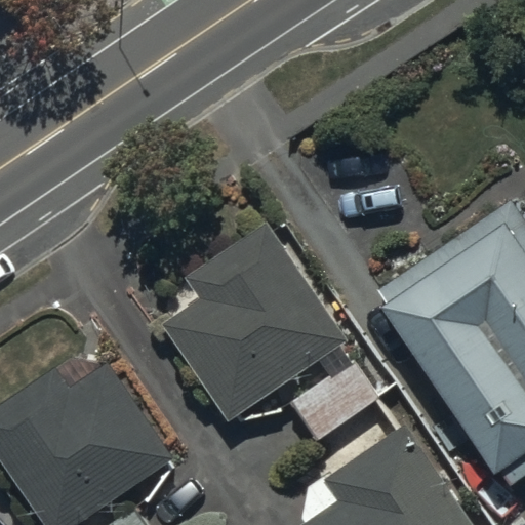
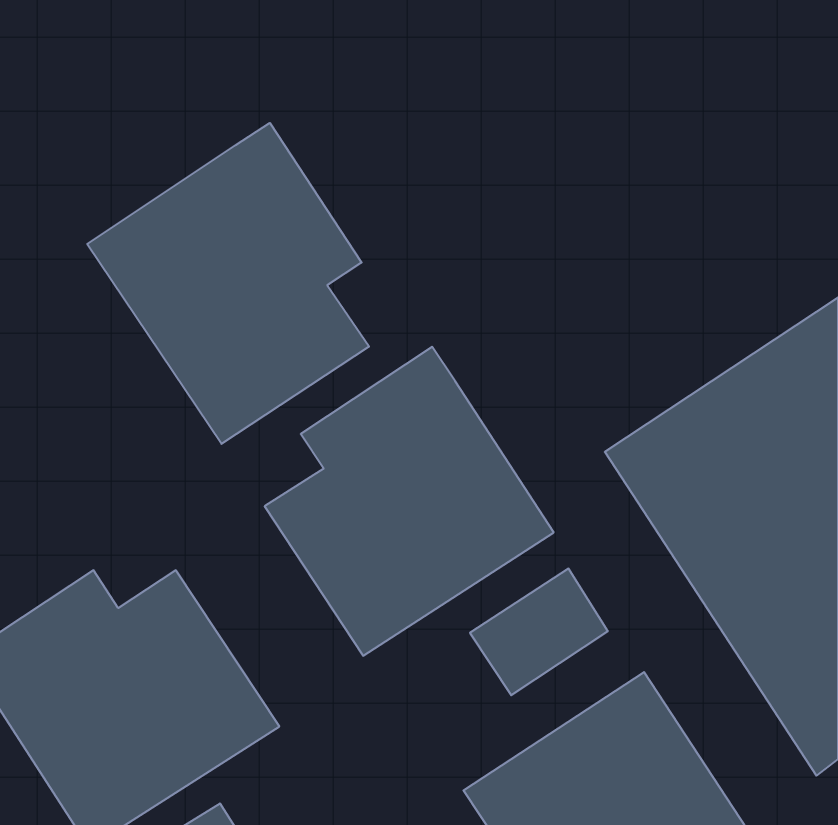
building: none -> [87,123,369,444]

